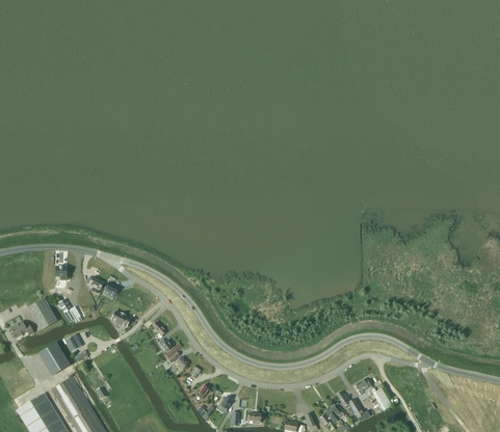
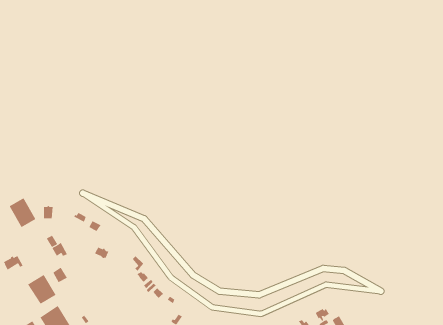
building: [27,297,57,330] -> [9,198,36,228]

